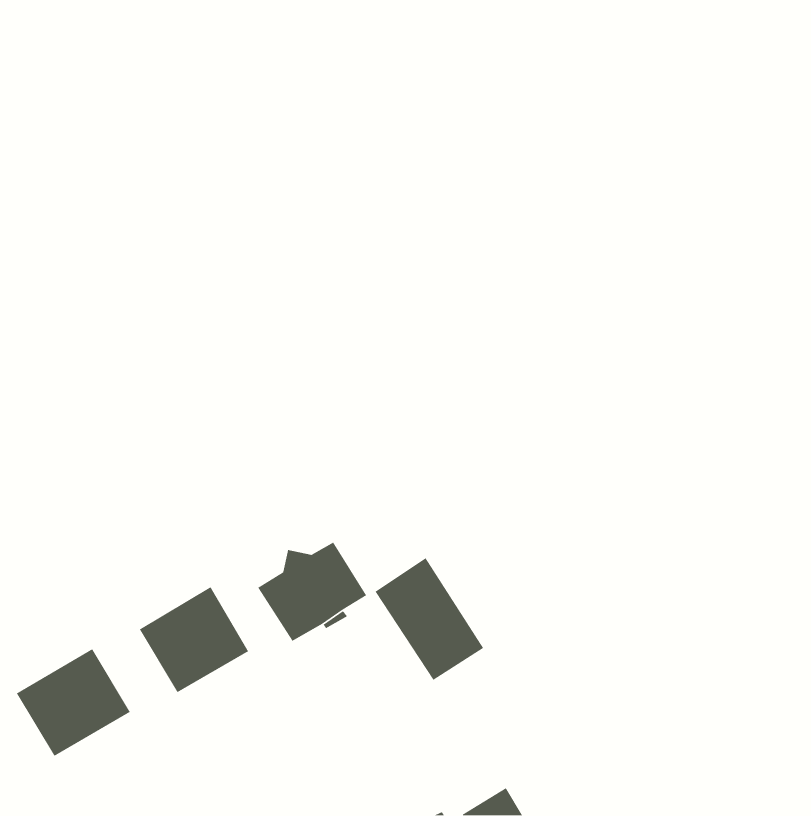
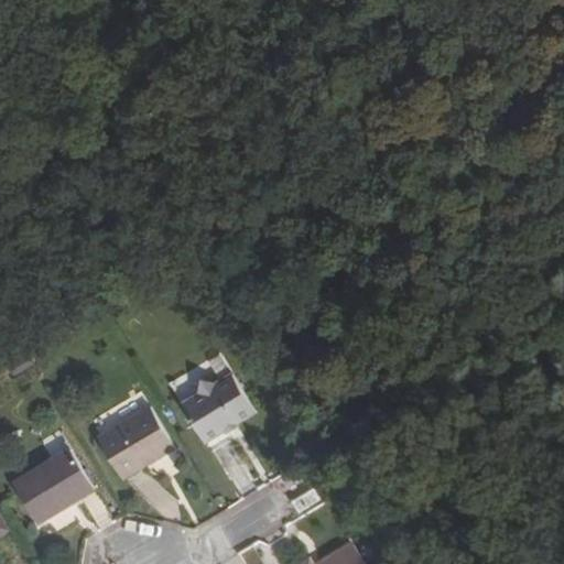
building: [375,557,484,681] -> none

